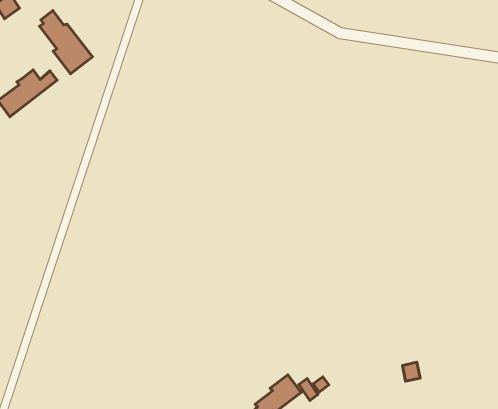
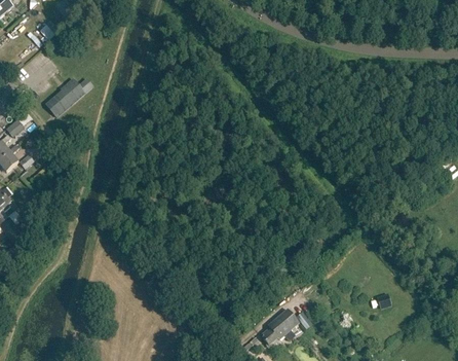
building: [40,11,92,74] -> none

